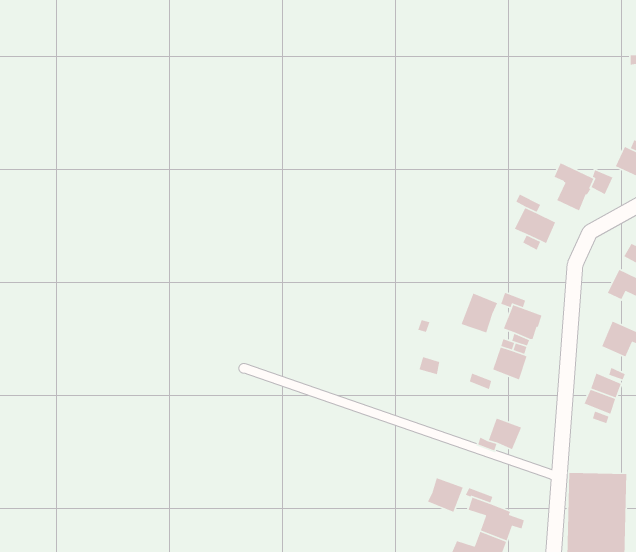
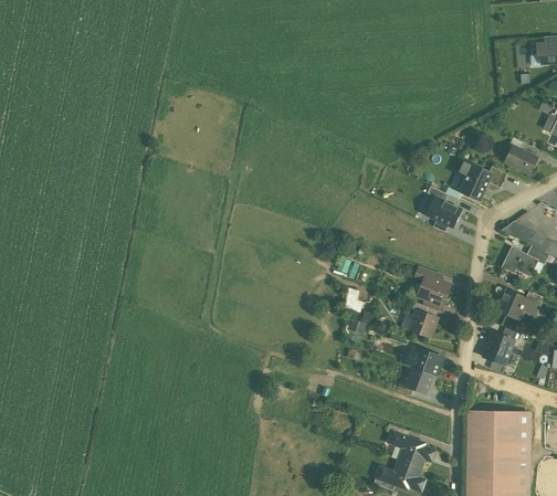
building: [460,292,498,333] -> none
building: none -> [406,347,443,376]
building: [427,477,464,513] -> none

